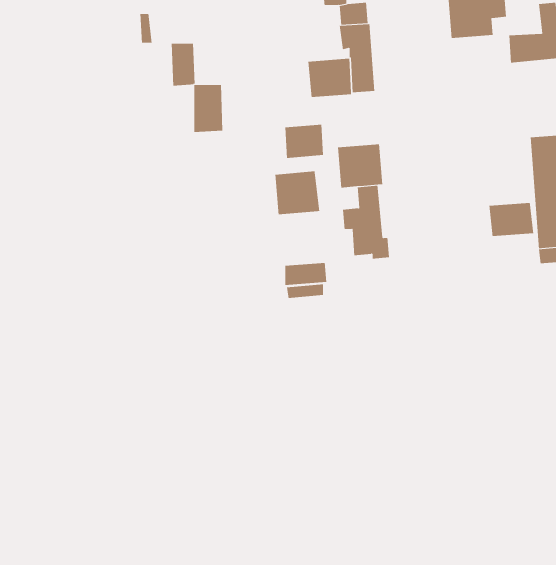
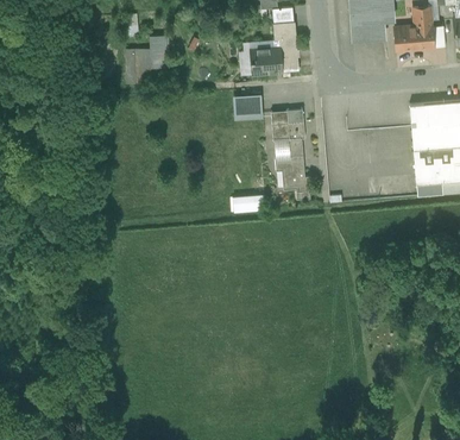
building: [194,85,223,132] -> [127,51,149,86]
building: [275,171,320,215] -> none
building: [489,202,534,237] -> none

